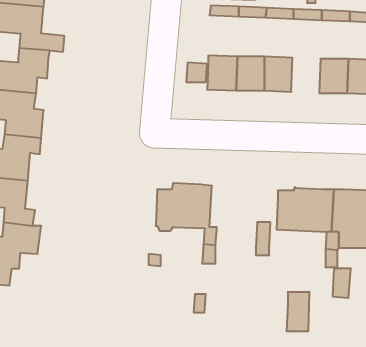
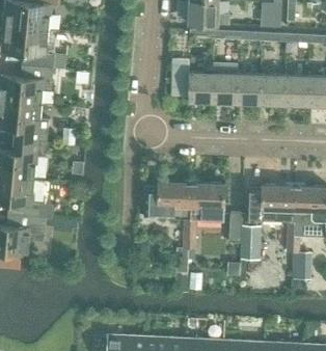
building: none -> [259,74,283,104]
building: none -> [189,183,224,221]
building: [286,292,310,331] -> [240,225,260,259]

